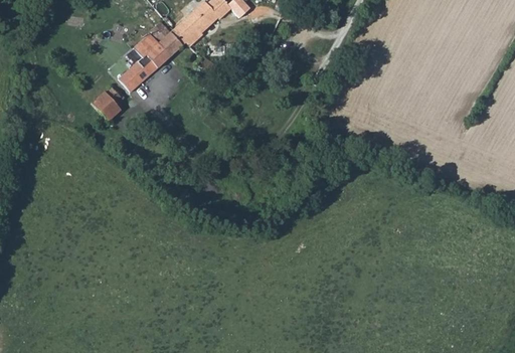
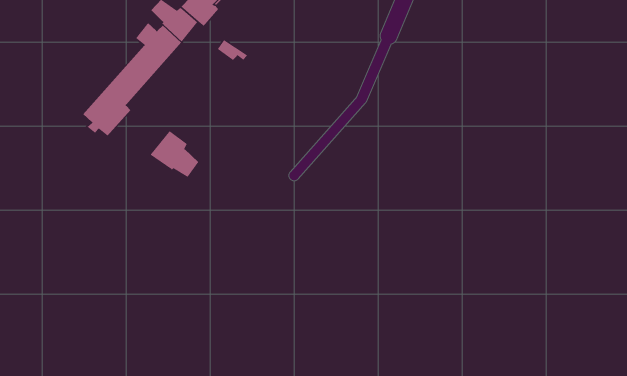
building: none -> [150,130,199,178]

